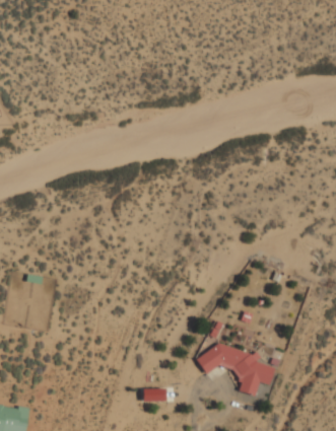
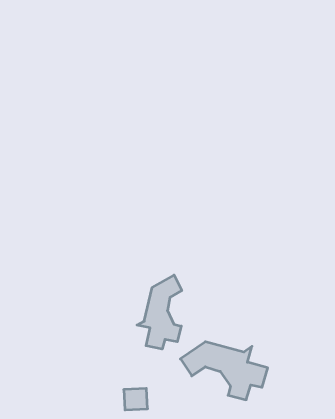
building: none -> [137,275,182,349]

